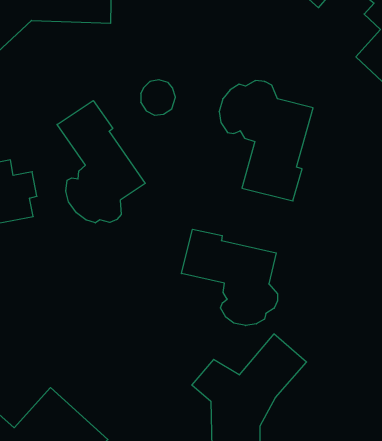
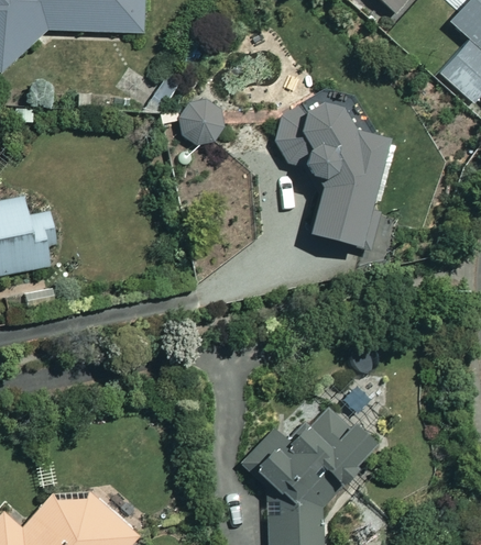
building: [57,101,145,223] -> none
building: [181,229,278,326] -> none

